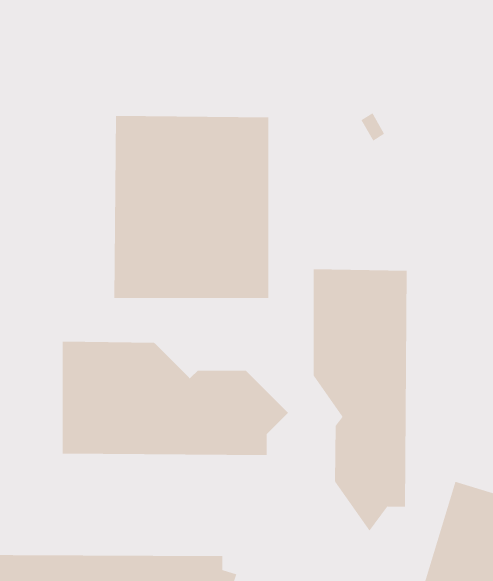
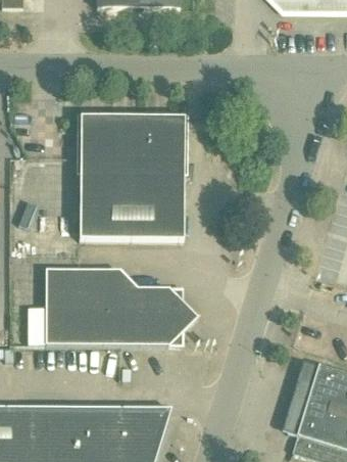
building: [313,268,407,532] -> none

